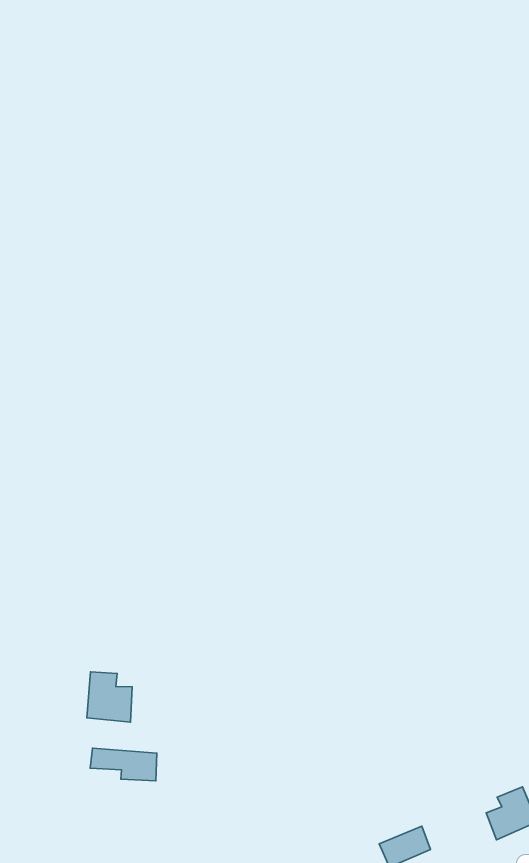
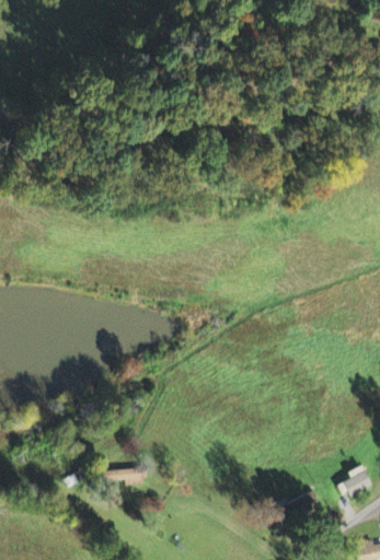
building: [87,672,132,722] -> none

